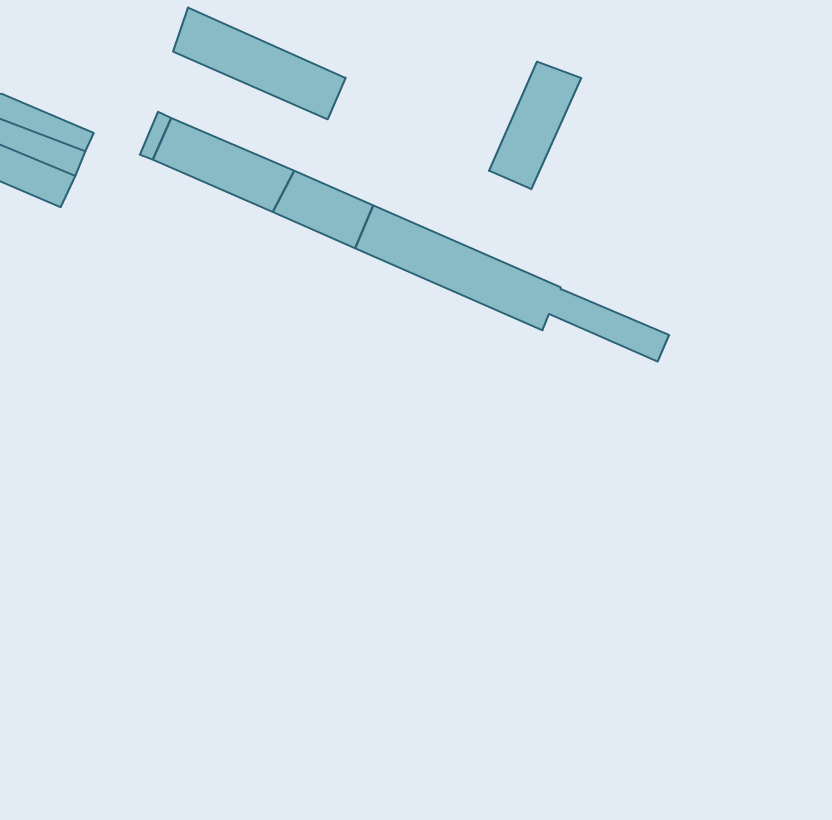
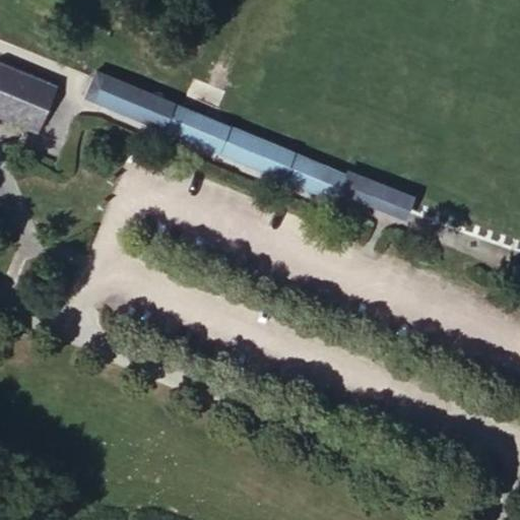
building: [173,7,346,119] -> none
building: [489,62,581,189] -> none

